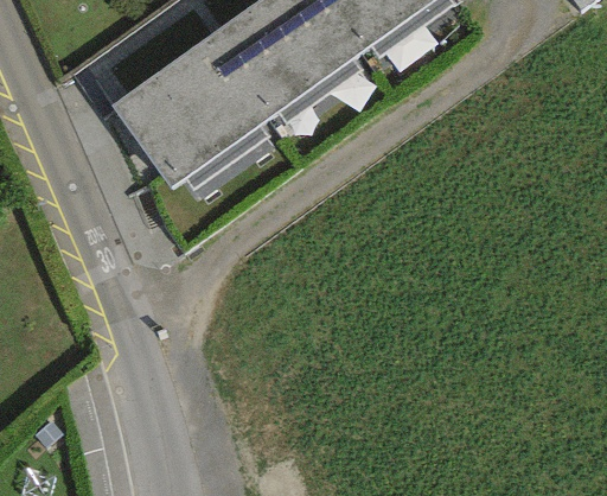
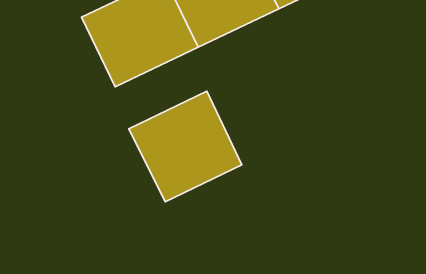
building: none -> [129,91,242,202]

